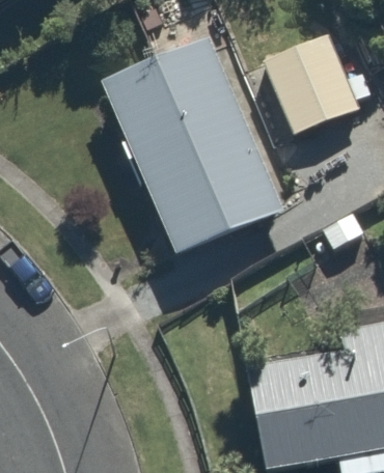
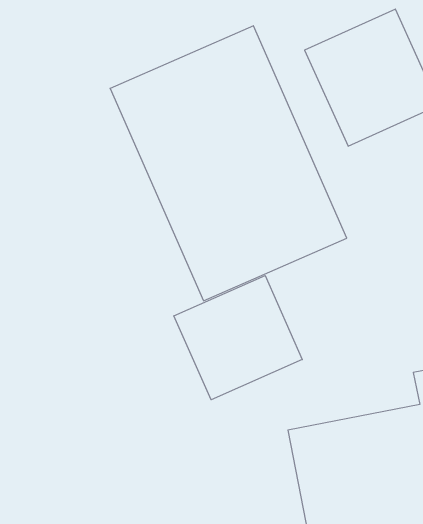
building: none -> [174,276,302,400]

